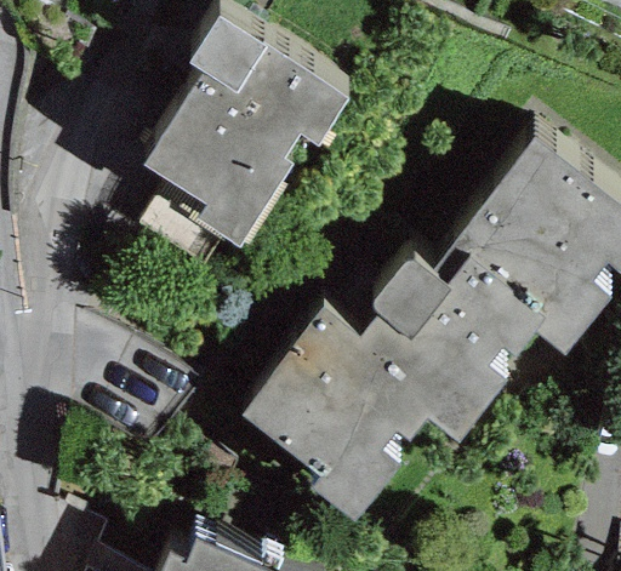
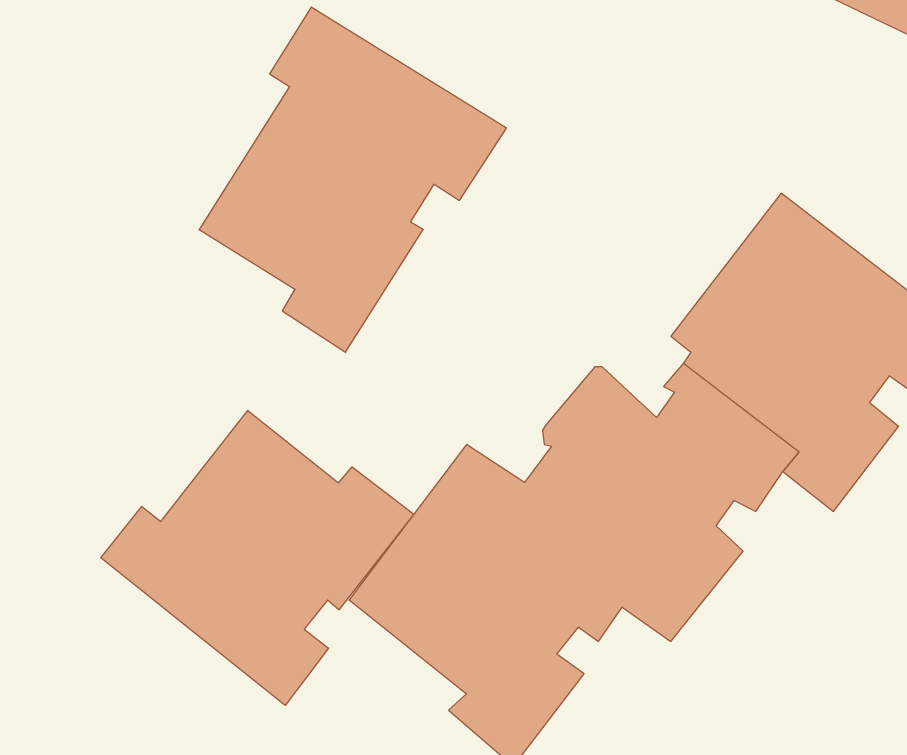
building: none -> [101,410,414,705]

